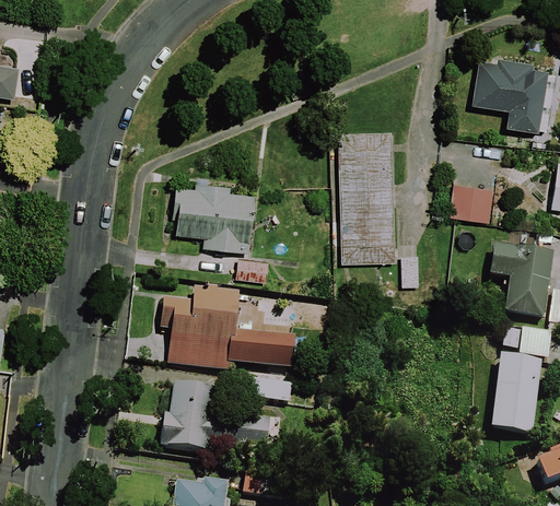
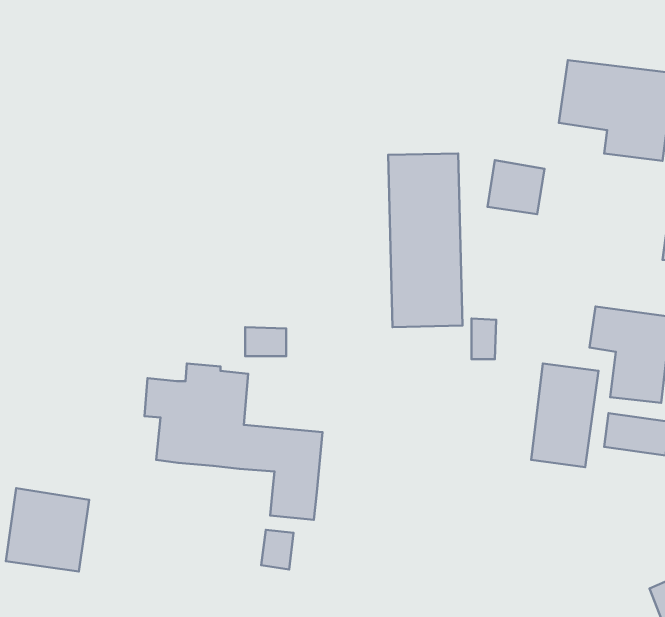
building: [448,183,491,223] -> [487,160,544,214]
building: [172,186,253,252] -> none
building: [493,354,544,432] -> [531,364,598,467]
building: [159,392,221,455] -> [6,488,89,571]

